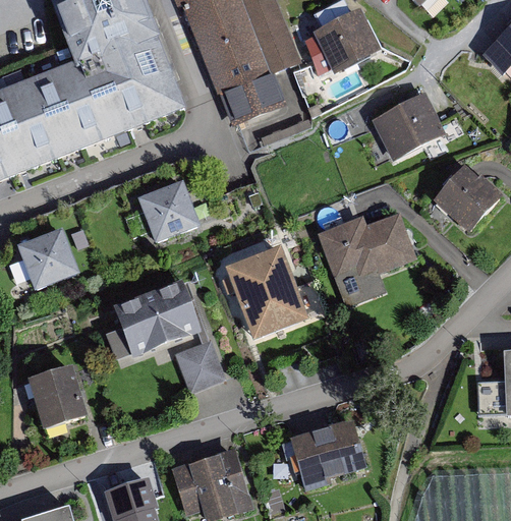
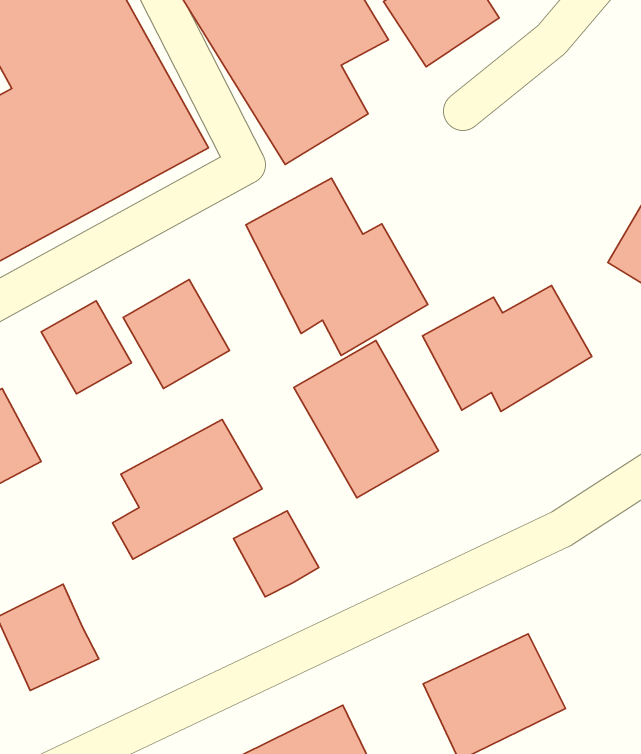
building: [364,95,440,164] -> none
building: none -> [246,178,428,356]
building: none -> [41,301,132,394]

